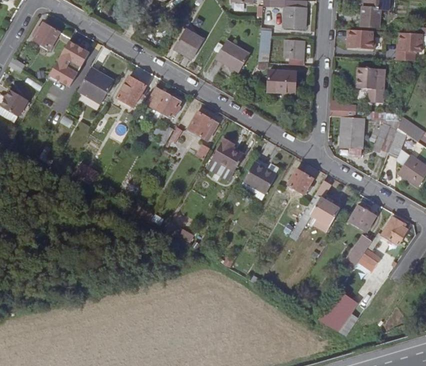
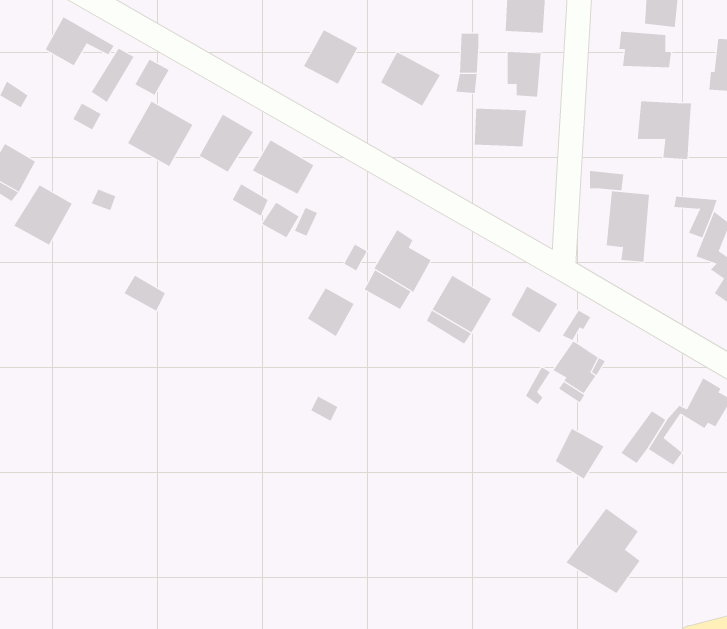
building: [187,111,213,138] -> [307,287,354,337]
building: none -> [13,184,73,245]
building: [349,204,376,232] -> [555,428,604,480]

